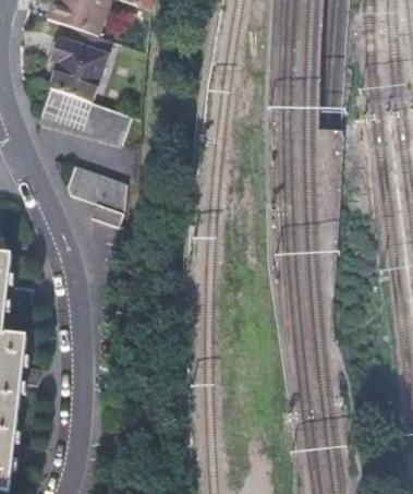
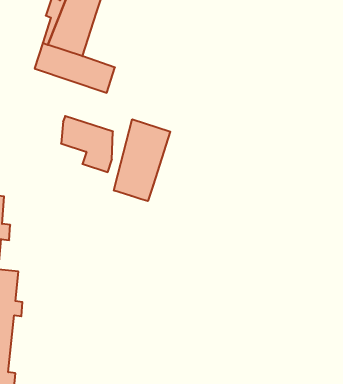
building: none -> [114,119,170,201]

